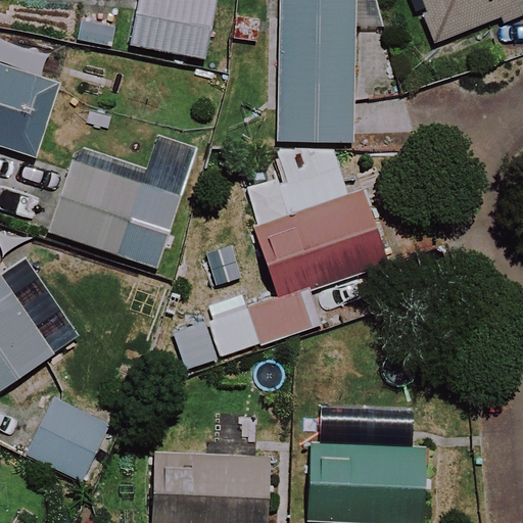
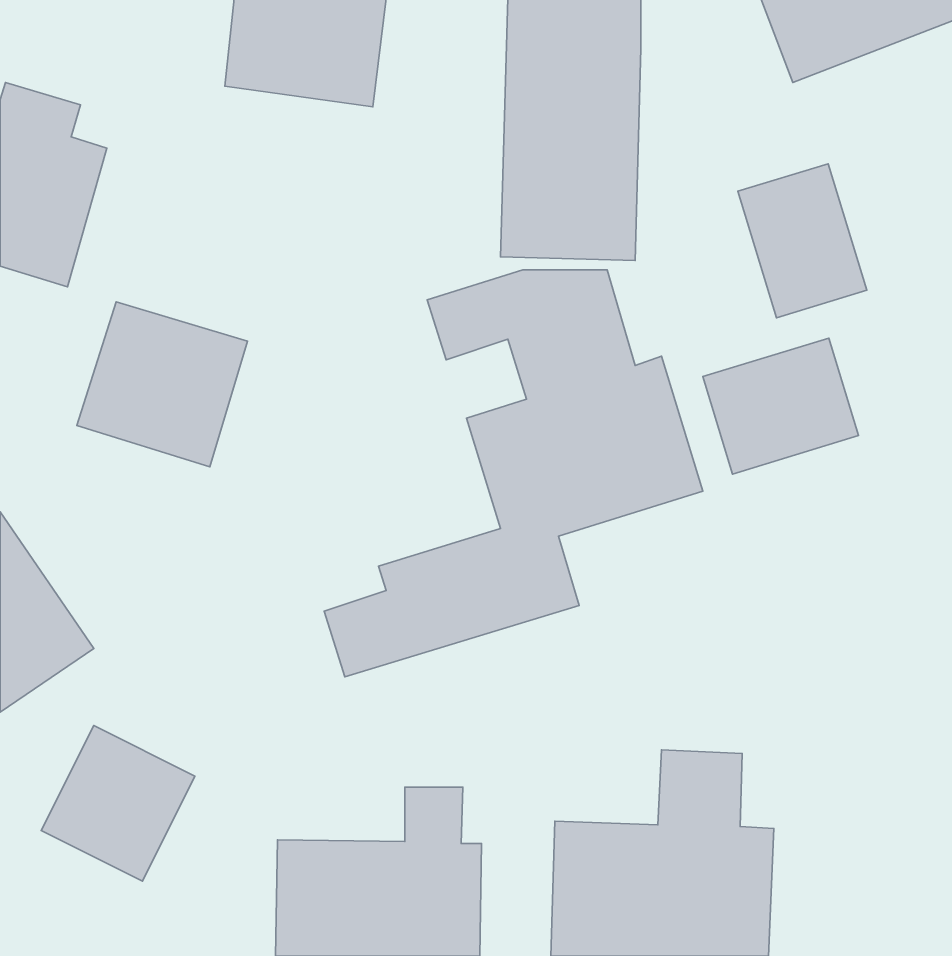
building: none -> [738,164,867,318]
building: none -> [703,338,858,474]

